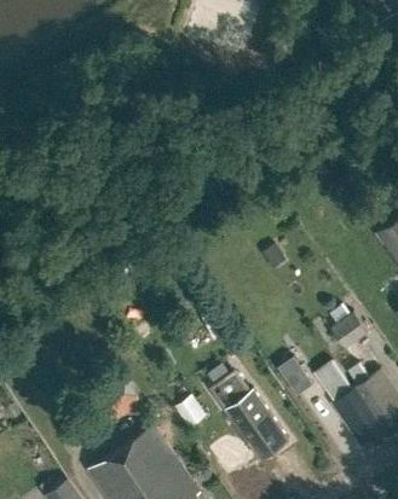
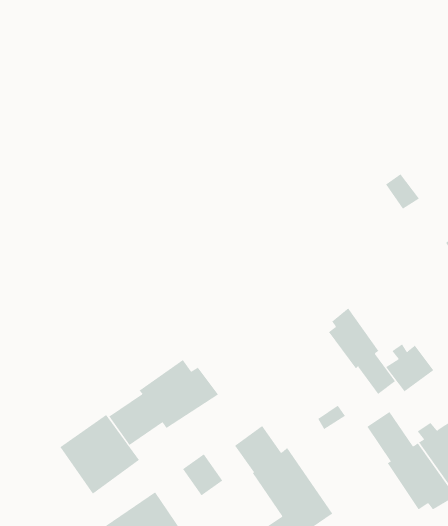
building: none -> [328,308,396,395]
building: none -> [109,359,219,446]

